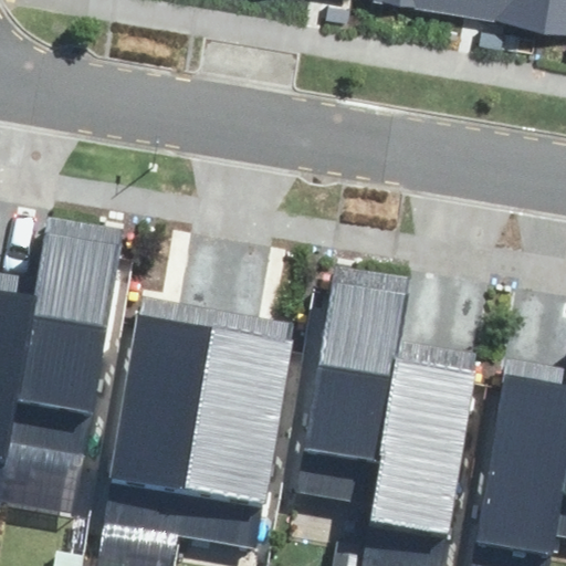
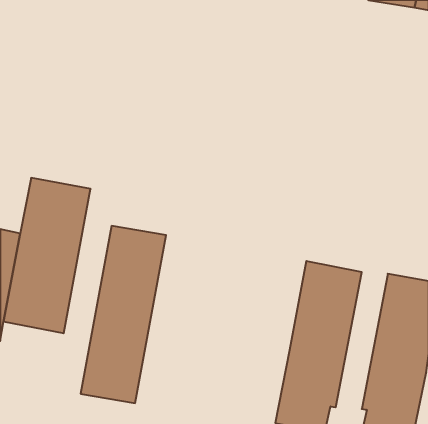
building: [303,263,418,468] -> none
building: [179,316,291,551] -> none

